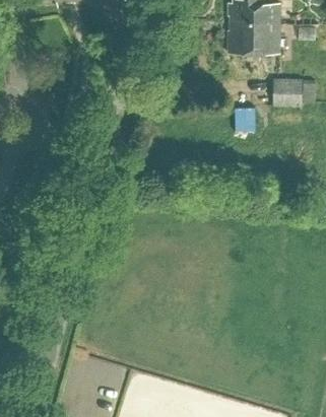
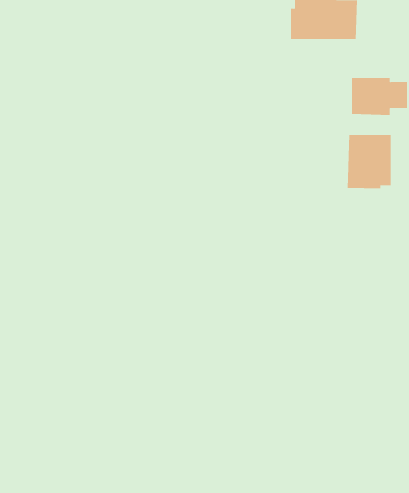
building: none -> [347,134,391,189]

